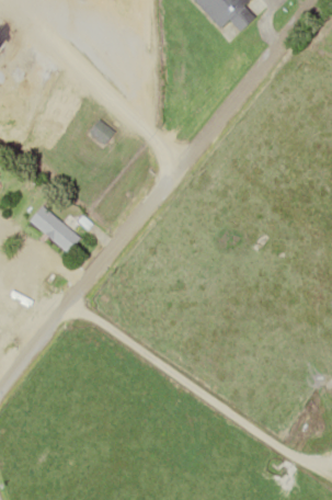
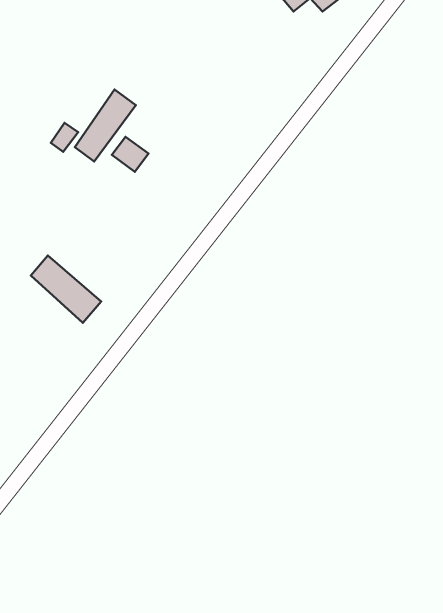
building: none -> [75,90,136,162]

